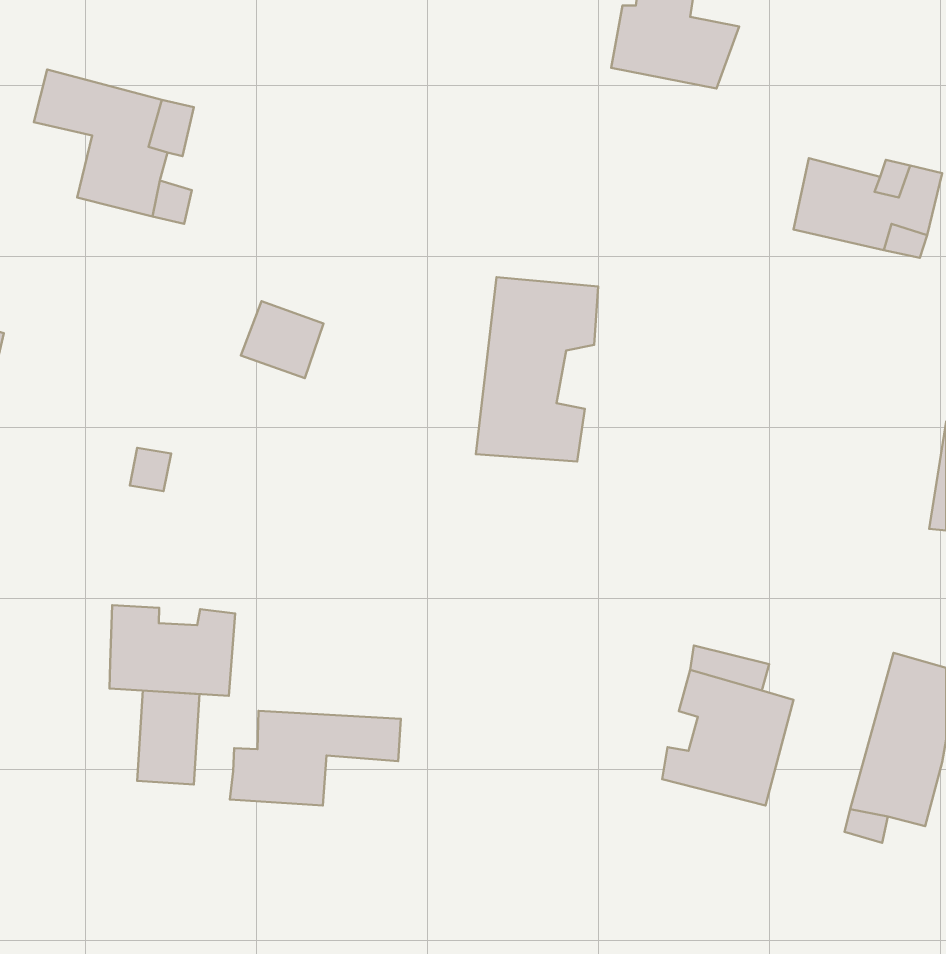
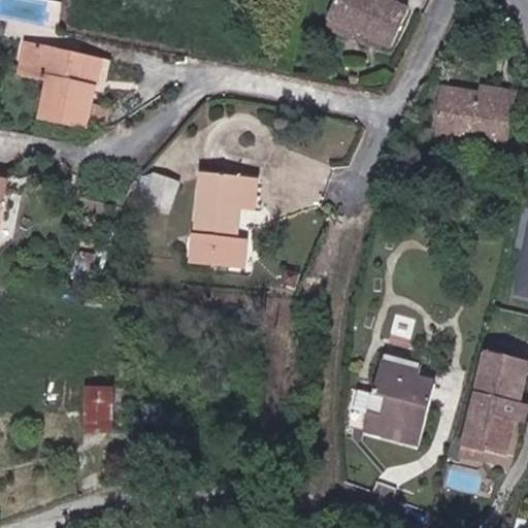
building: [476,277,598,462] -> [187,171,254,272]
building: [110,605,235,696] -> none
building: [230,711,401,805] -> none

